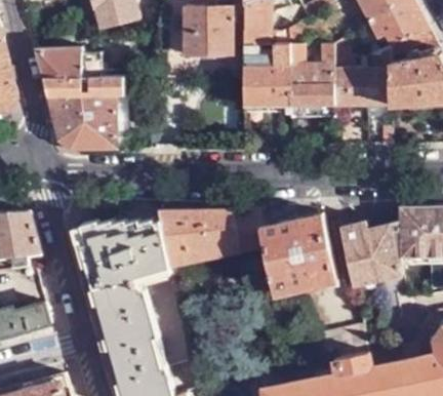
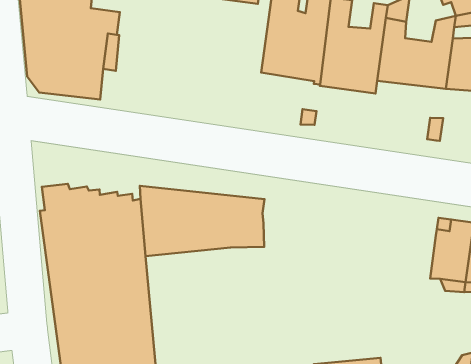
building: [259,215,335,299] -> none
building: [338,221,401,288] -> none

